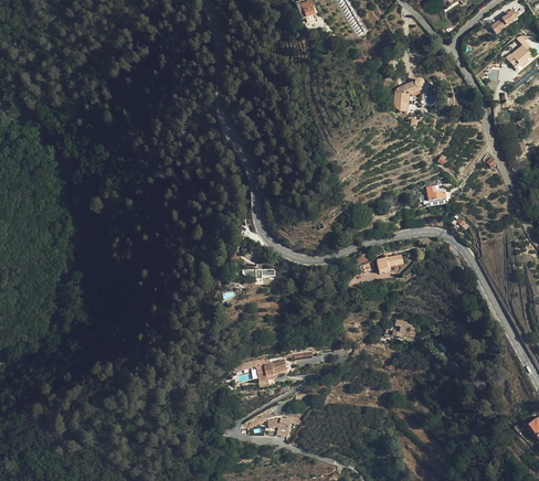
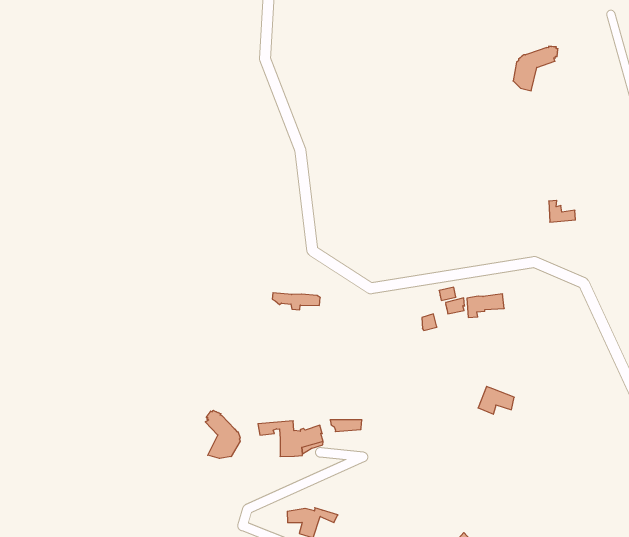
building: none -> [205,410,240,458]

